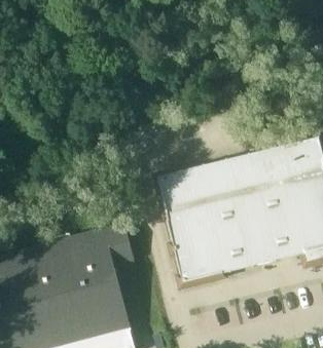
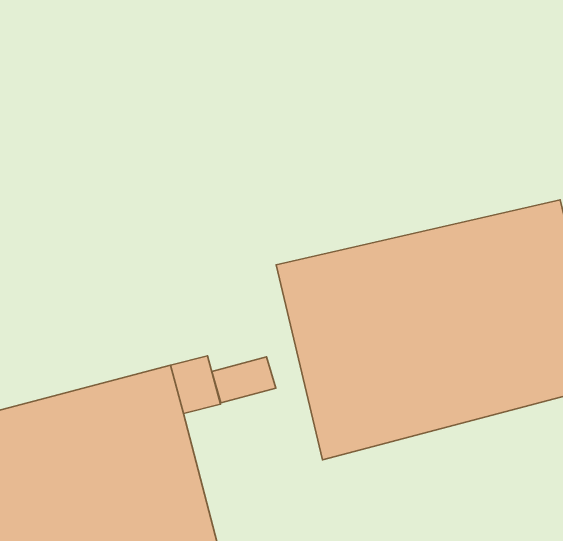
building: none -> [212,357,276,403]

